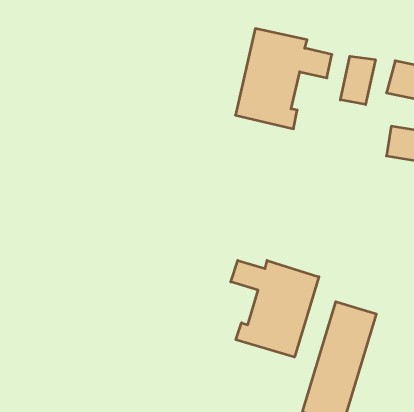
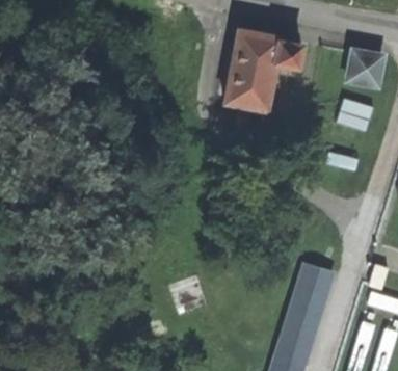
building: [340,56,375,105] -> none
building: [231,260,319,357] -> none

